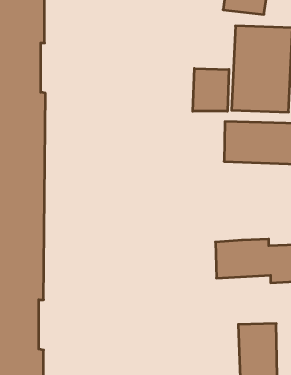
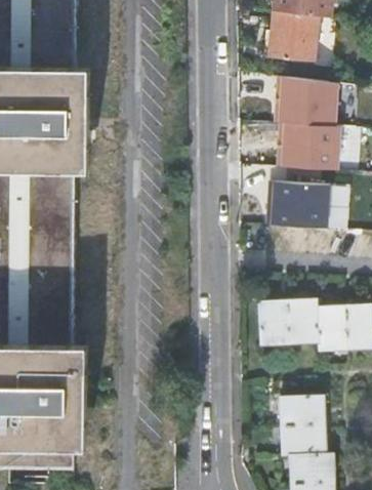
building: [193,68,229,111] -> none

